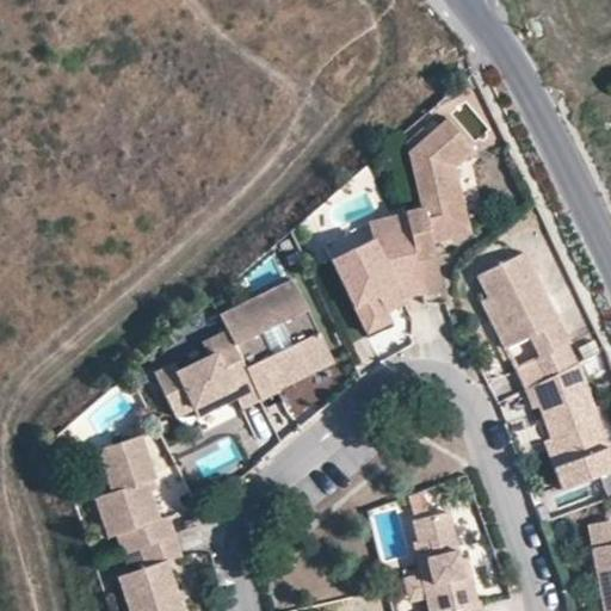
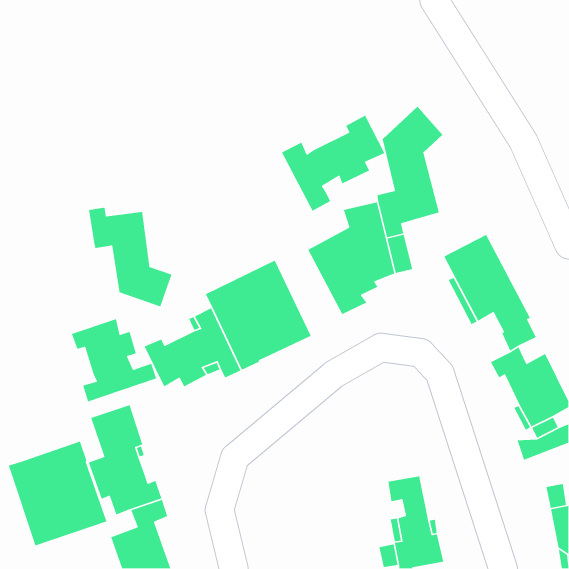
building: none -> [281,114,385,212]
building: none -> [88,207,173,307]
building: none -> [71,318,157,403]
building: none -> [8,440,107,546]

